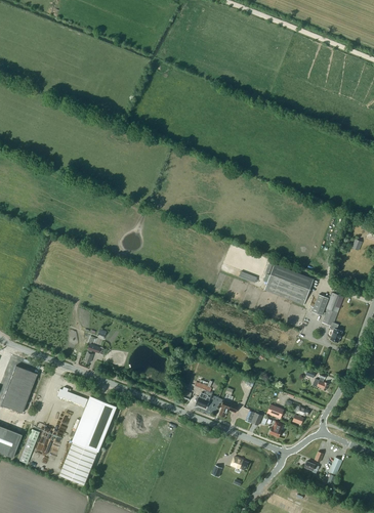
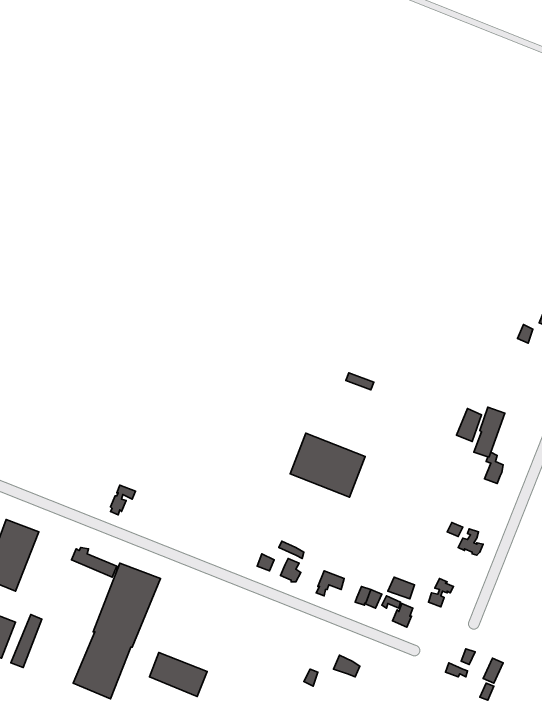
building: [263,263,313,305] -> [290,433,365,497]
building: none -> [149,652,207,697]

